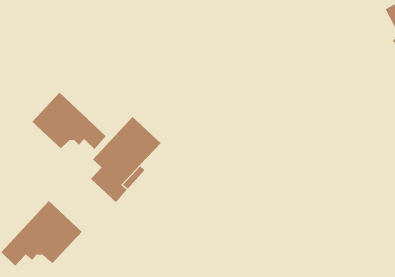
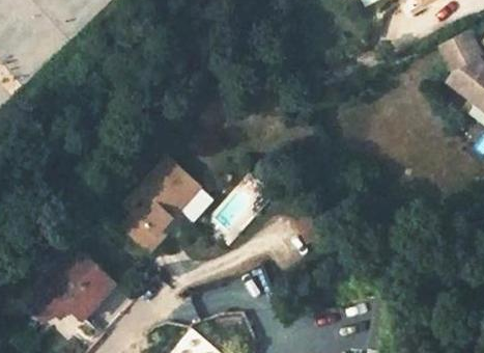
building: [32,92,106,150] -> none

